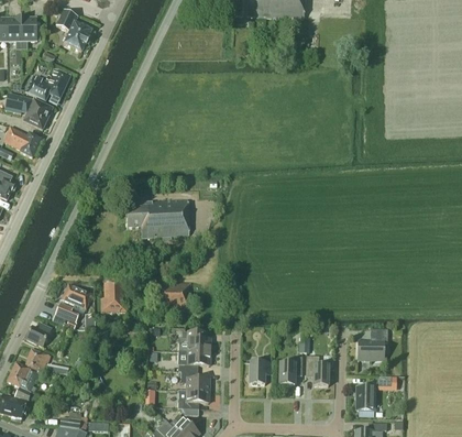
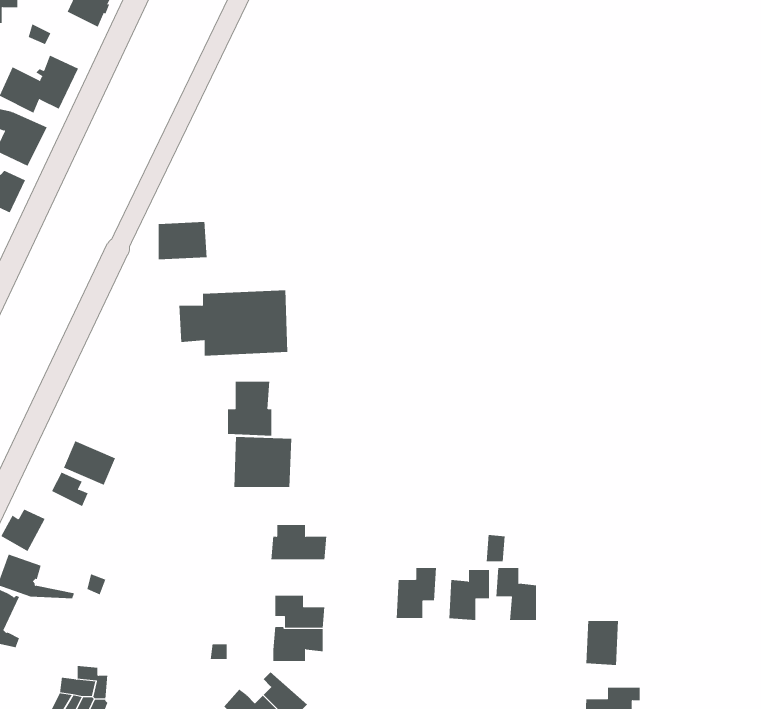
building: none -> [158,221,207,260]
building: [101,282,127,313] -> [227,381,272,436]
building: [359,328,388,359] -> none
building: [179,351,210,371] -> none

